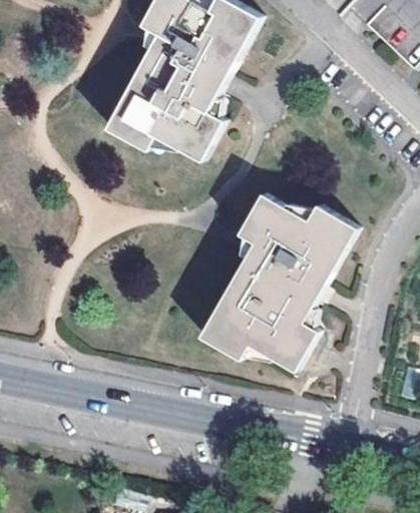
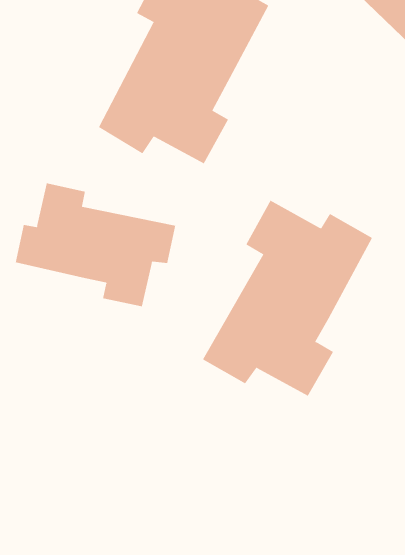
building: none -> [15,182,176,307]

